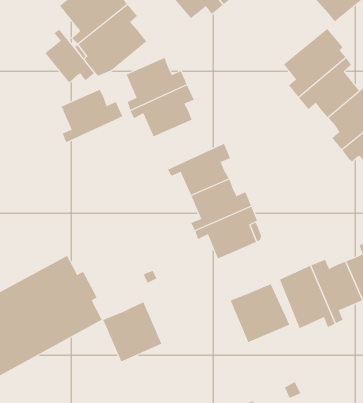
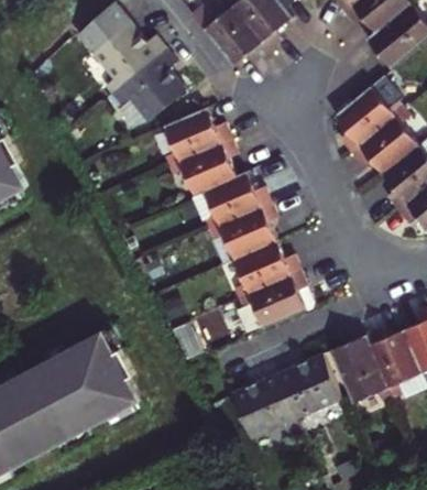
building: [45,29,95,83] -> none
building: [61,89,123,143] -> [202,173,271,231]
building: [103,302,162,362] -> [231,374,296,440]

